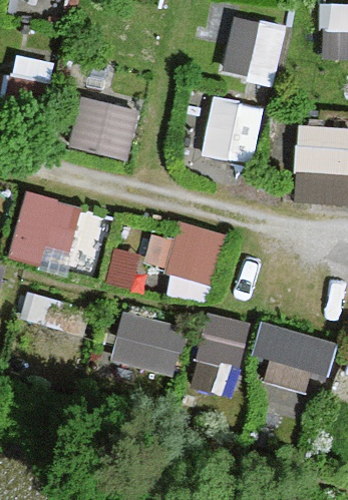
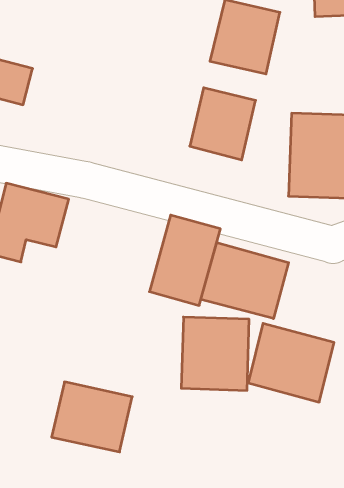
building: [68,92,142,163] -> none
building: none -> [201,242,289,319]
building: [110,313,187,379] -> [52,382,132,452]

